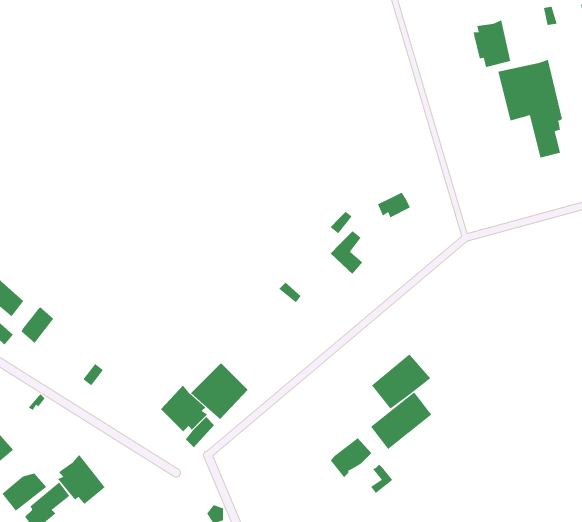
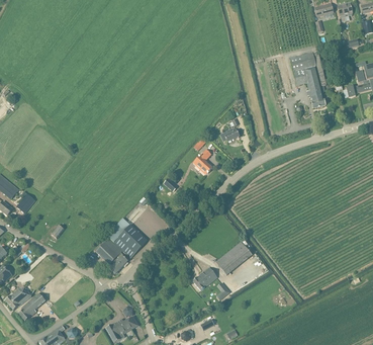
building: [473,19,511,68] -> none
building: [371,353,431,410] -> none
building: [57,454,105,505] -> none

